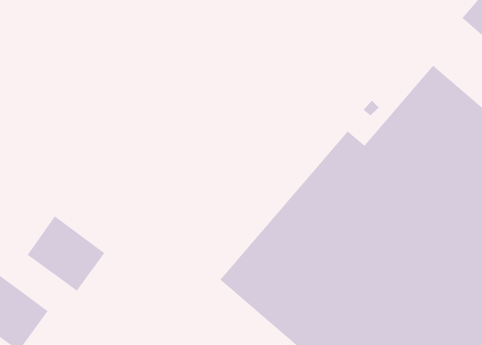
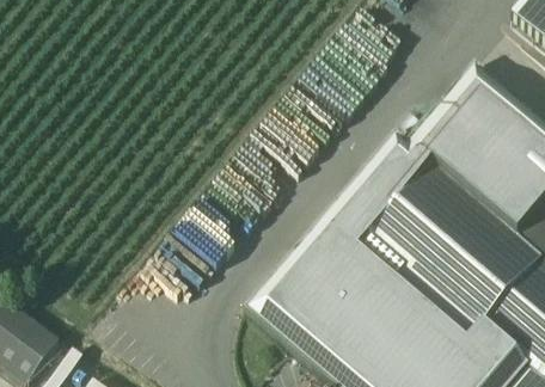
building: [27,216,105,292] -> none

